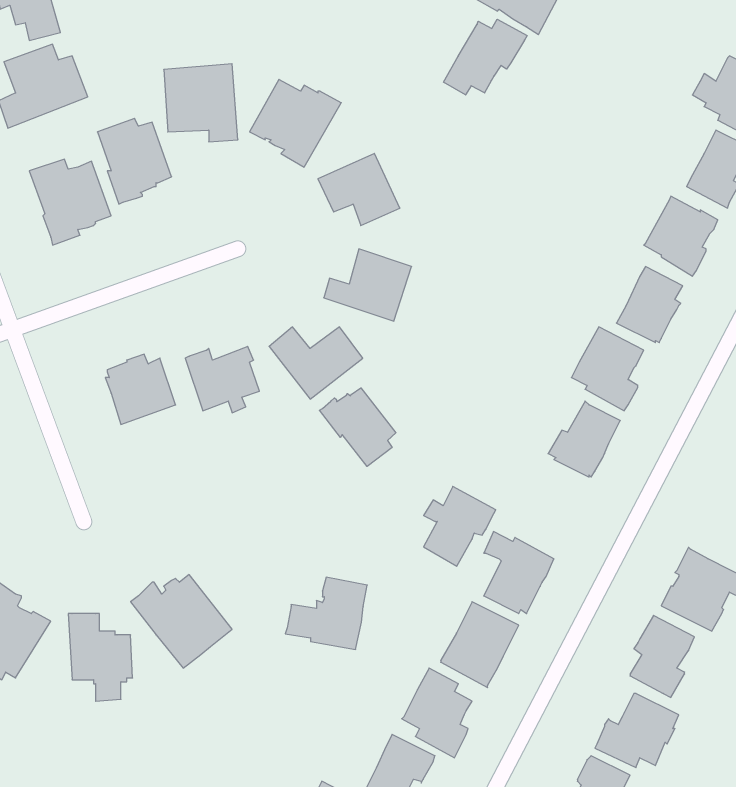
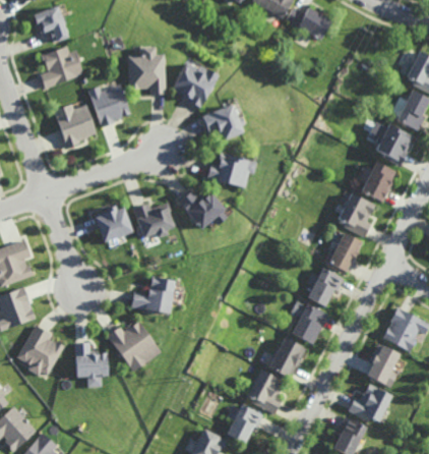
building: [444,19,527,95] -> none
building: [319,388,396,466] -> none
building: [424,486,496,566] -> [307,265,345,306]
building: [285,577,367,649] -> [130,277,173,315]

